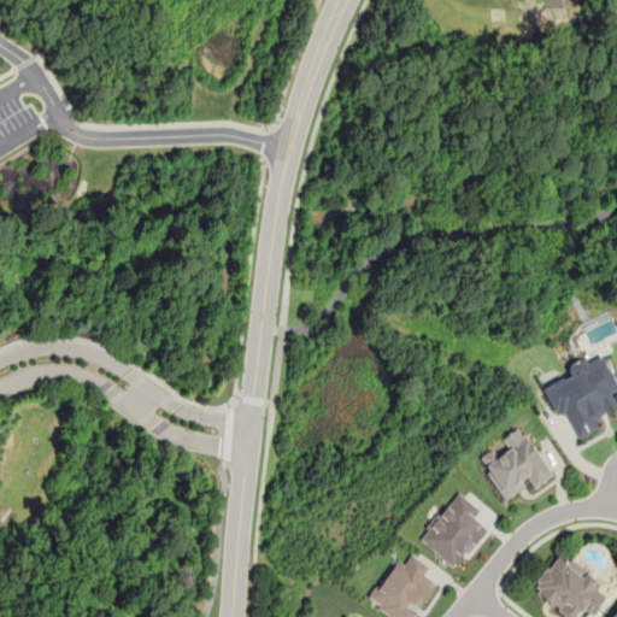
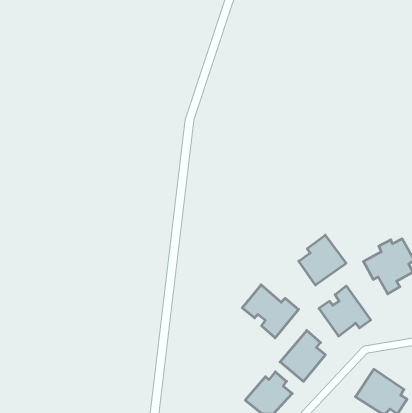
building: none -> [299,235,346,285]
building: none -> [242,285,299,338]

